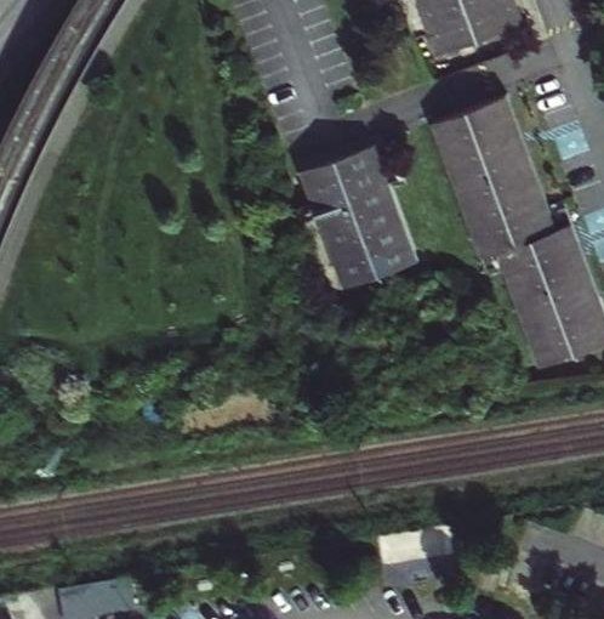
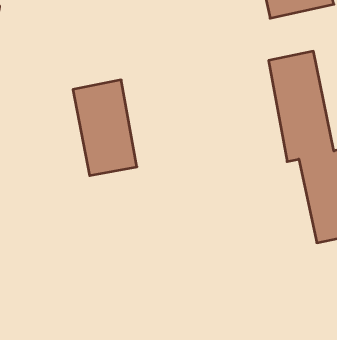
building: [306,147,412,288] -> [73,80,137,176]

